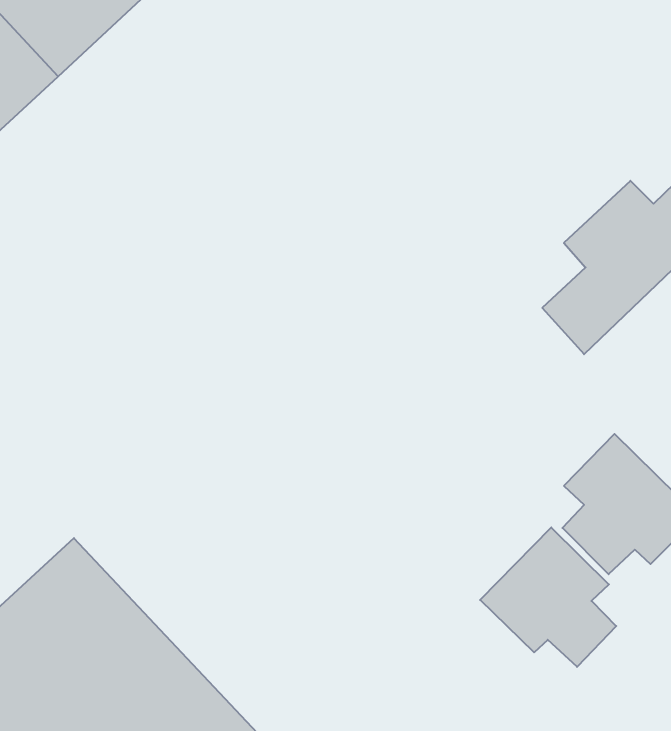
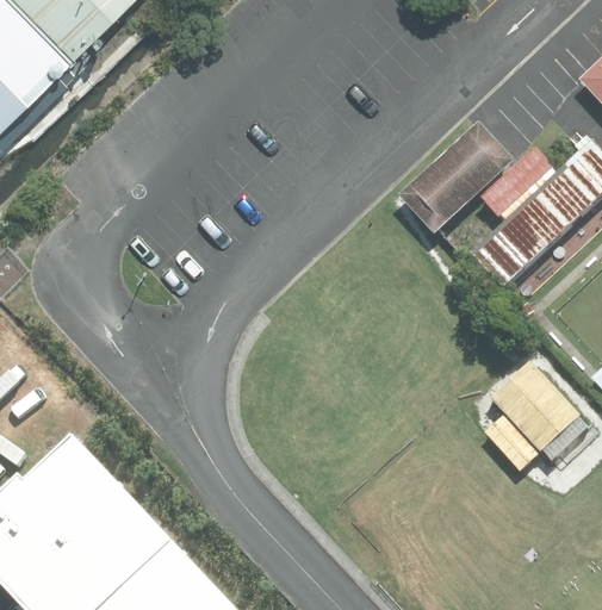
building: none -> [396,126,513,237]
building: [480,527,616,667] -> none

